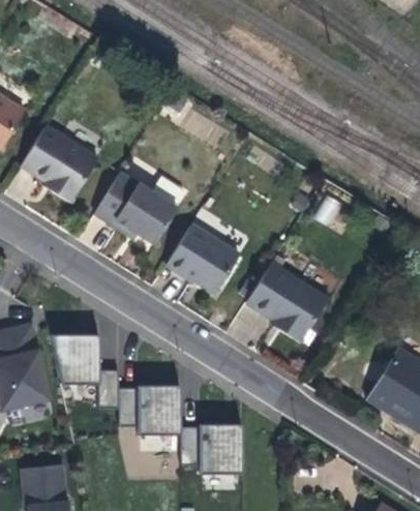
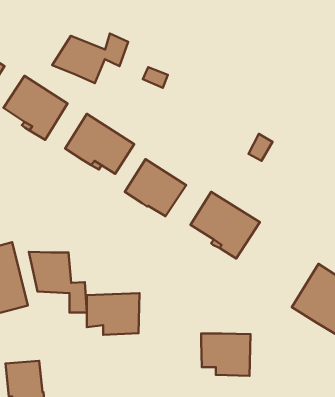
building: none -> [52,34,128,83]
building: [182,423,241,474] -> [201,333,250,376]

